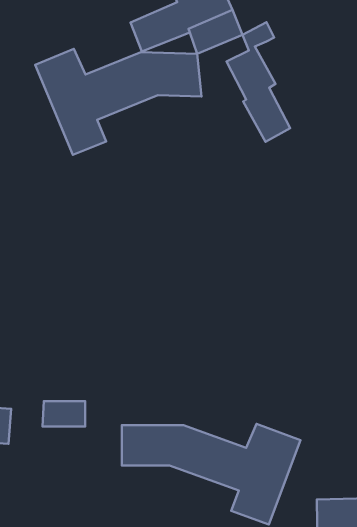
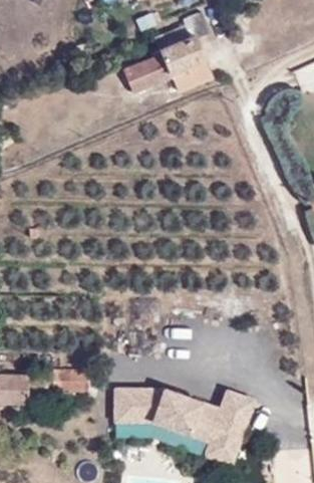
building: [226,22,290,142] -> none
building: [35,49,201,155] -> none

